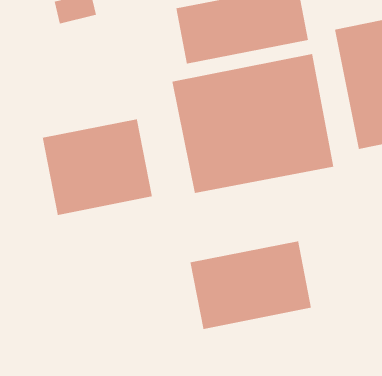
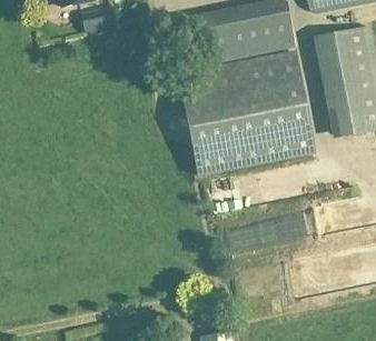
building: [42,118,152,216] -> none
building: [190,240,312,330] -> none

